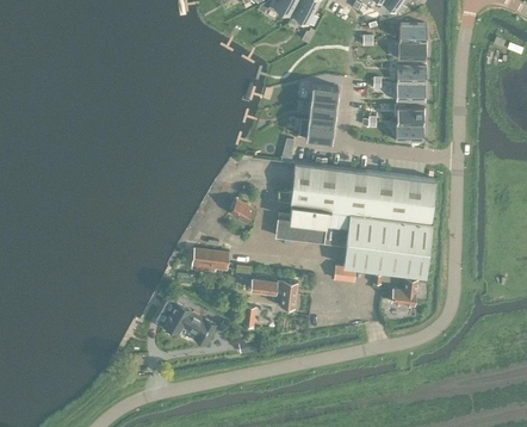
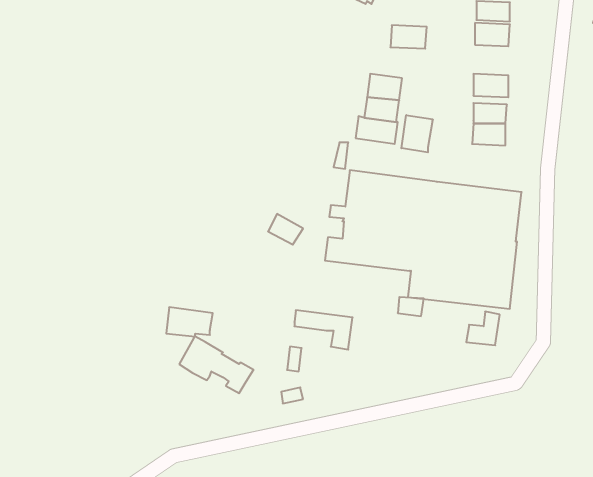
building: [396,66,426,85] -> [390,25,427,49]
building: none -> [401,115,433,152]
building: [191,248,229,272] -> [166,307,213,336]

